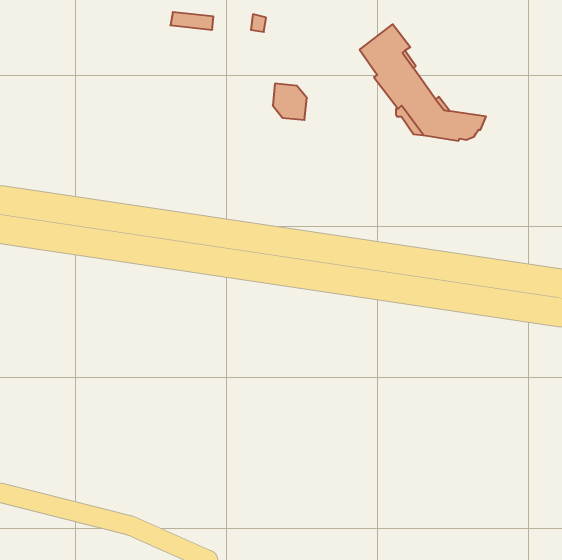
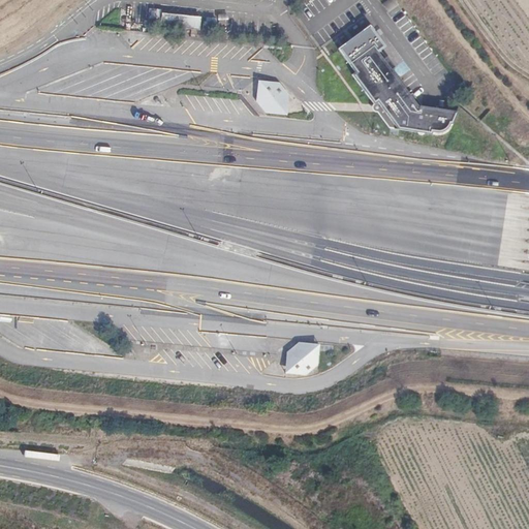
building: none -> [285,341,318,373]

